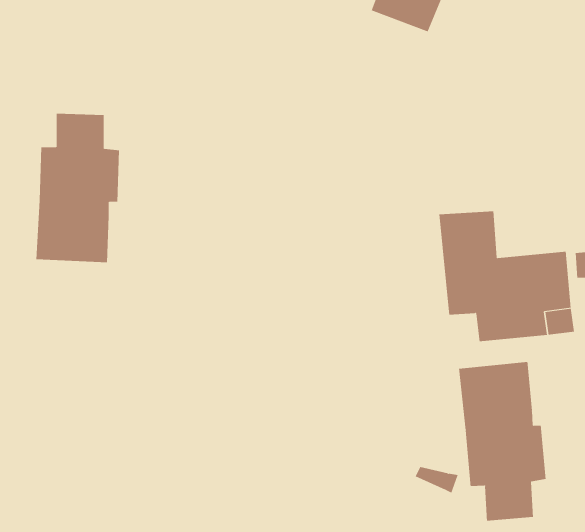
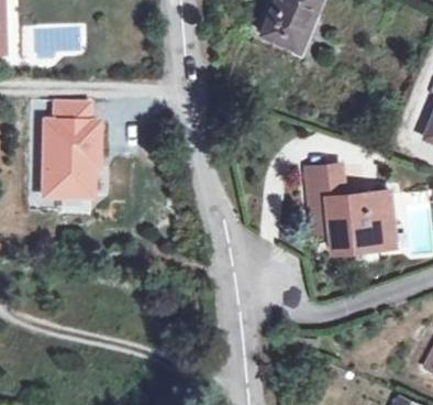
building: [458,361,546,522] -> none

